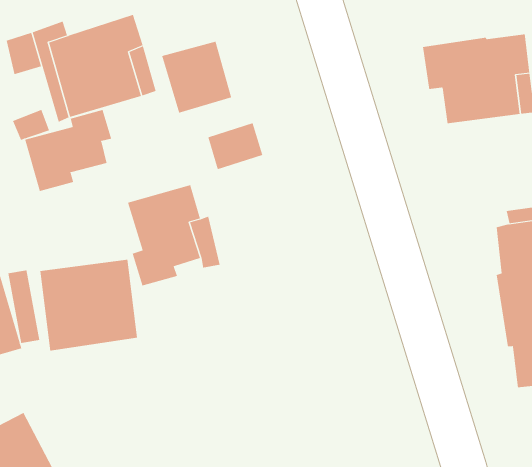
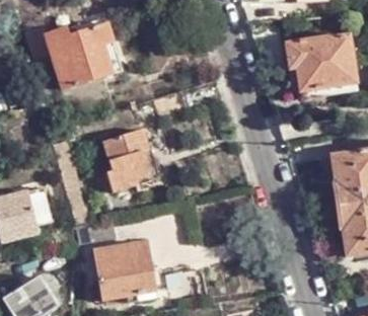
building: [162,41,232,114] -> none
building: [24,109,112,192] -> none
building: [40,259,138,351] -> [94,241,155,298]

